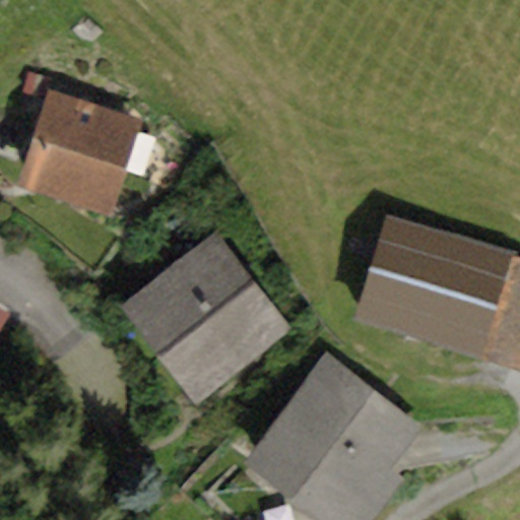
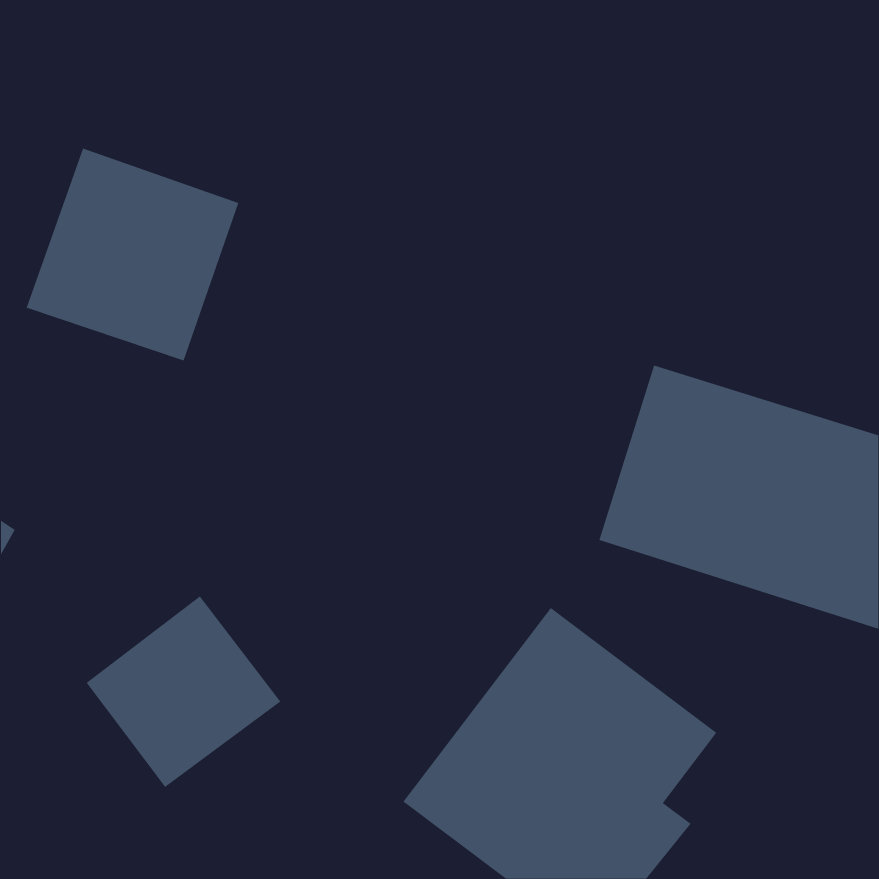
building: [117,230,291,403] -> none
building: none -> [86,596,281,788]

